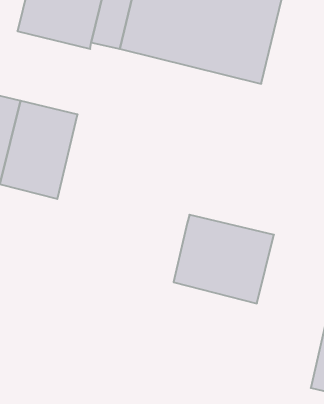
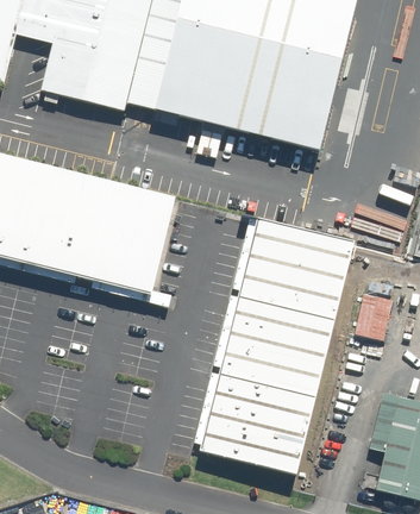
building: none -> [88,183,174,294]
building: none -> [237,219,351,319]
building: none -> [200,372,313,472]

